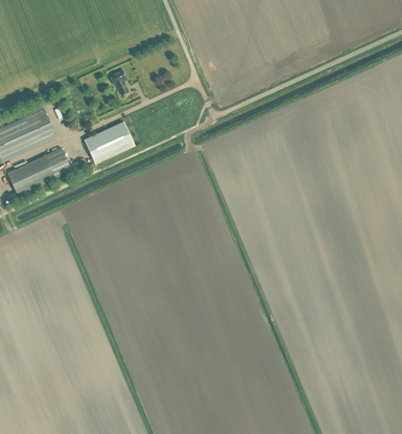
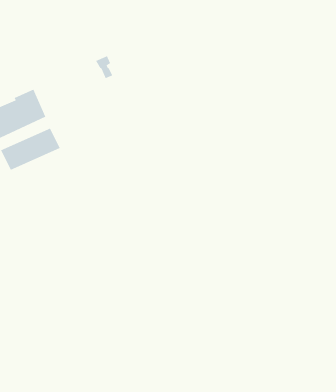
building: [83,121,134,163] -> none

